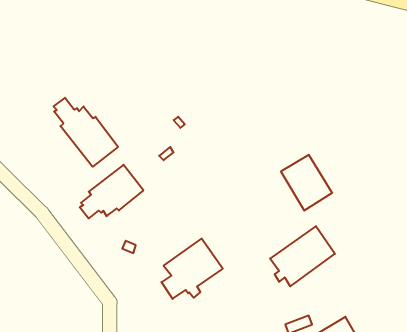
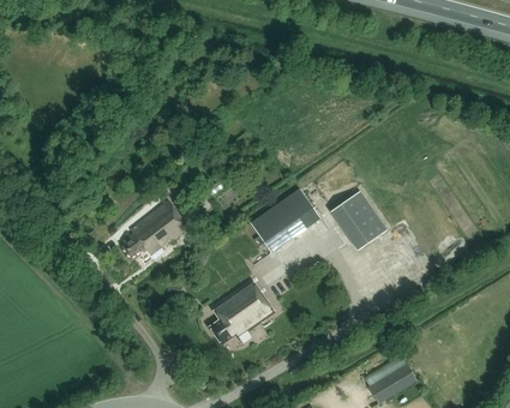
building: [54,98,118,167] -> none
building: [270,226,335,286] -> [248,187,318,252]

